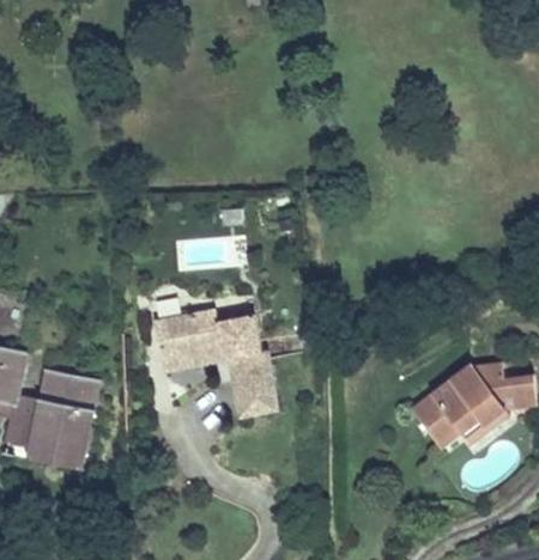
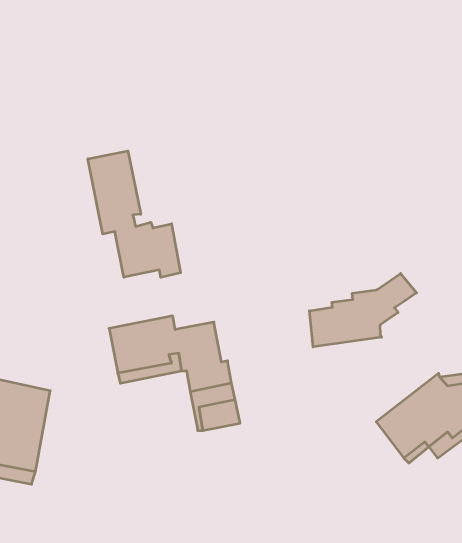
building: none -> [88,151,181,277]
building: none -> [309,273,417,347]

